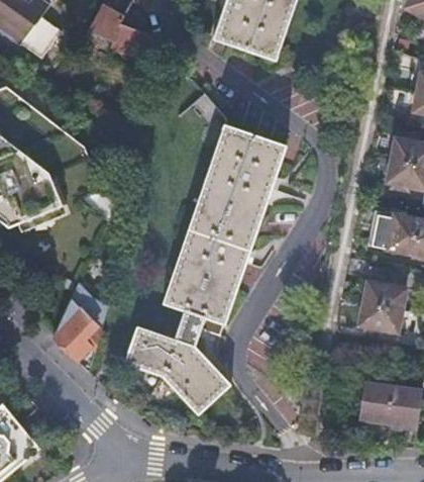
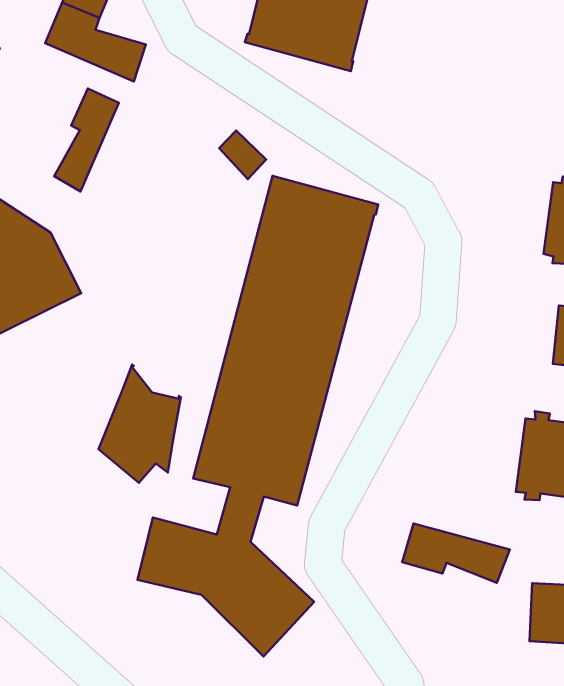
building: none -> [54,89,119,191]
building: [49,283,102,356] -> [99,364,181,483]
building: none -> [402,523,510,583]

